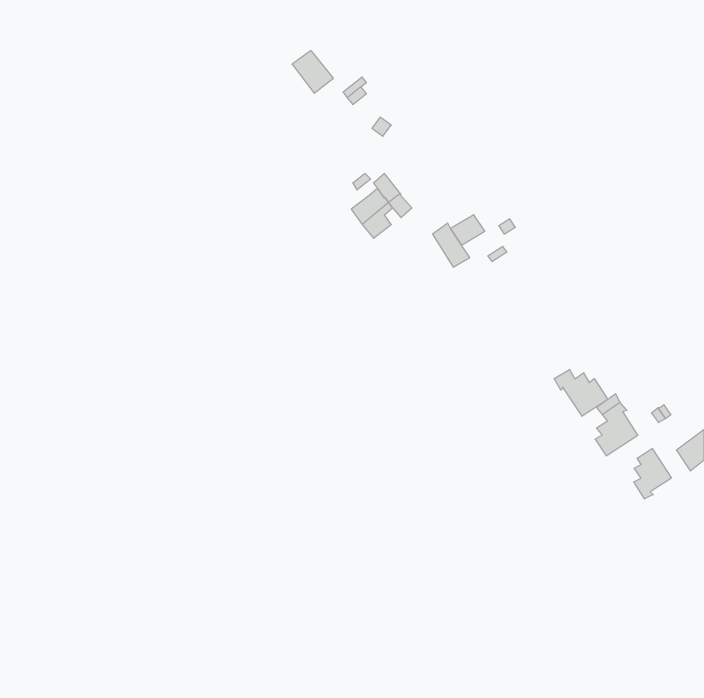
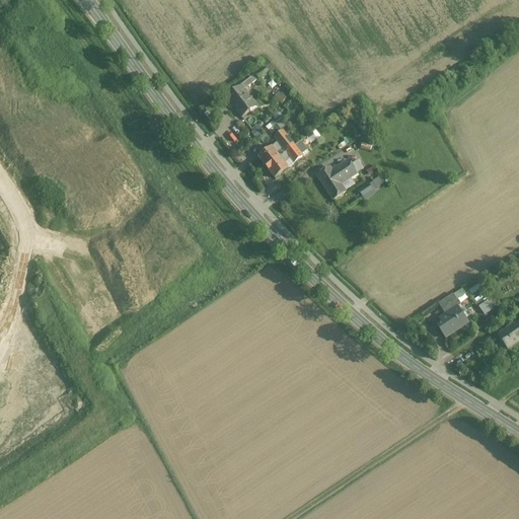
building: [292,51,333,93] -> [226,83,256,115]
building: [554,369,608,416] -> none
building: [634,449,671,499] -> none

